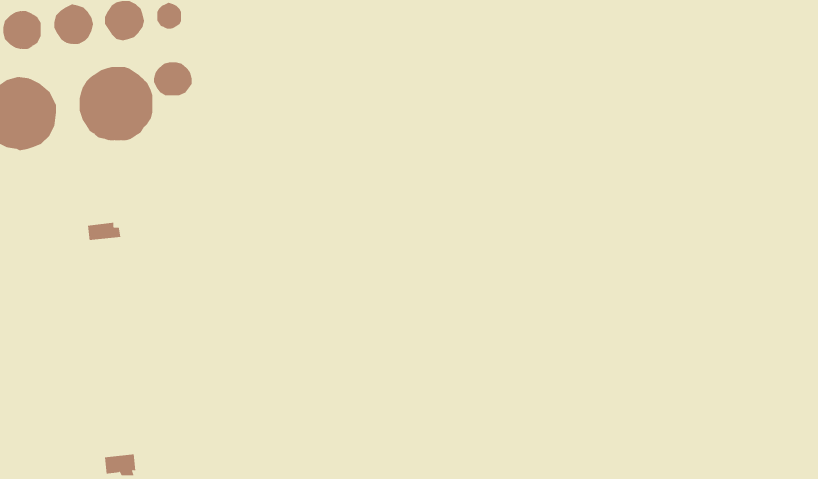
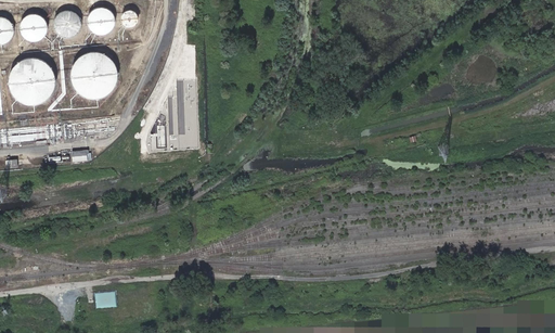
building: [153,62,192,96] -> none

